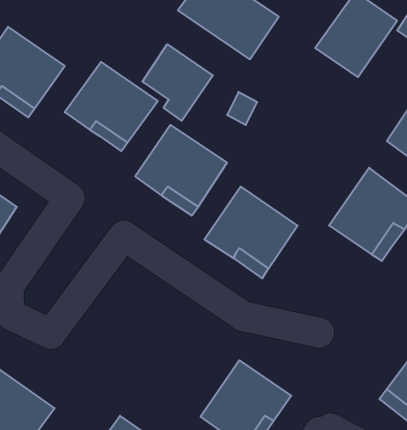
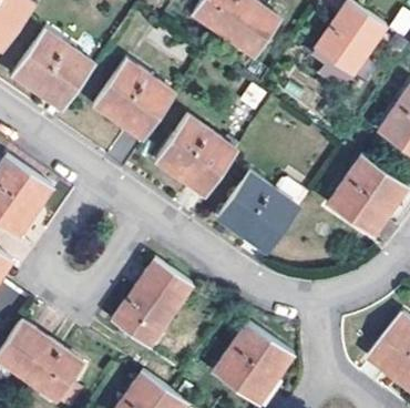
building: [142,44,213,121] -> none
building: none -> [113,258,193,346]

